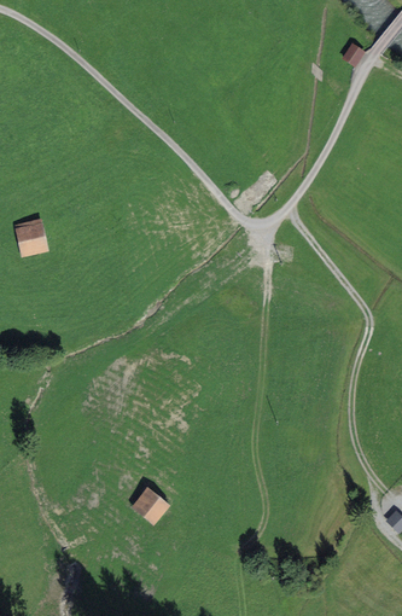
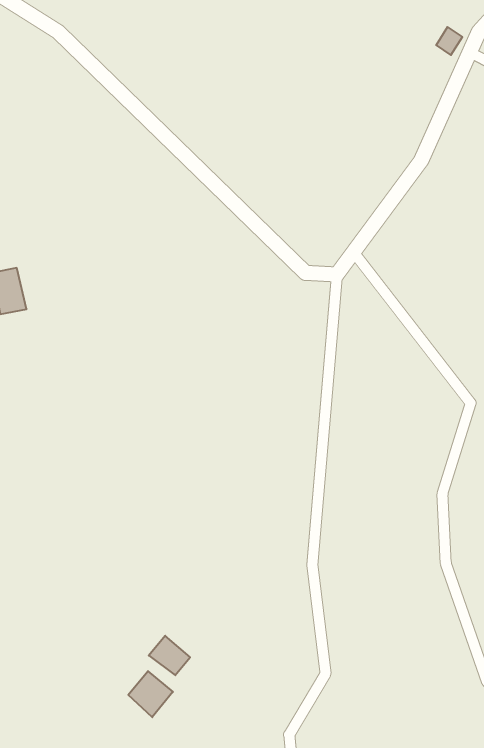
building: none -> [128,671,173,717]

